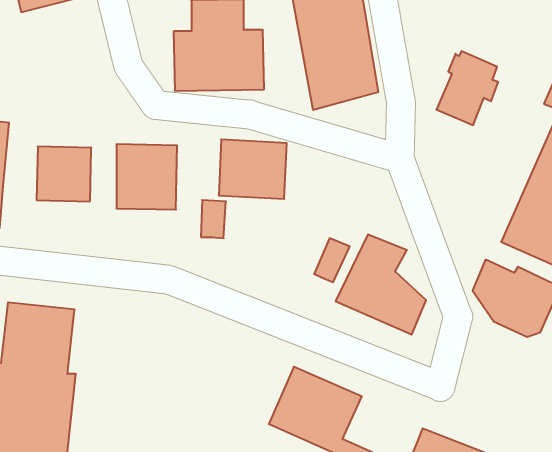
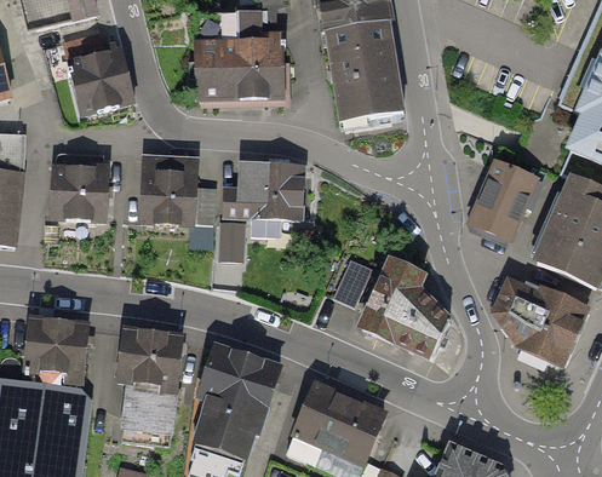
building: none -> [63,28,136,111]
building: [436,51,498,125] -> [474,161,537,236]
building: none -> [115,332,187,438]
building: none -> [187,349,283,467]

